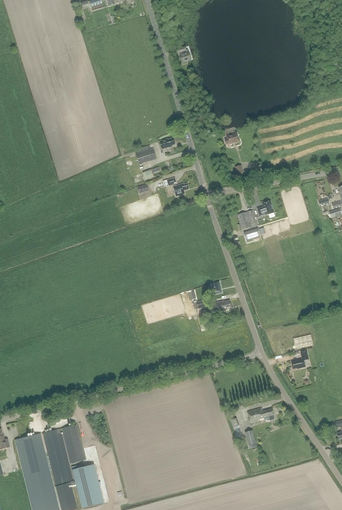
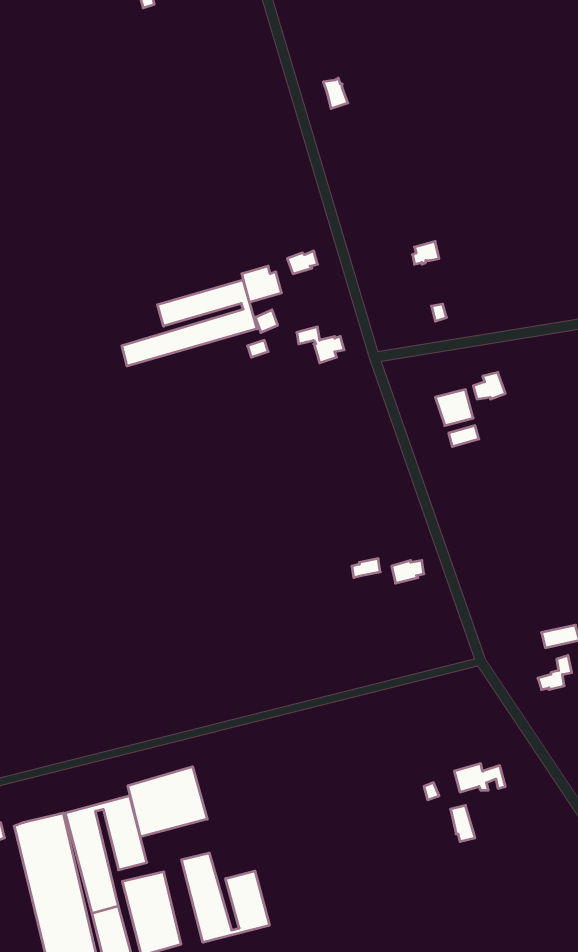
building: none -> [122,280,257,366]
building: none -> [128,767,207,837]
building: none -> [182,853,269,942]

